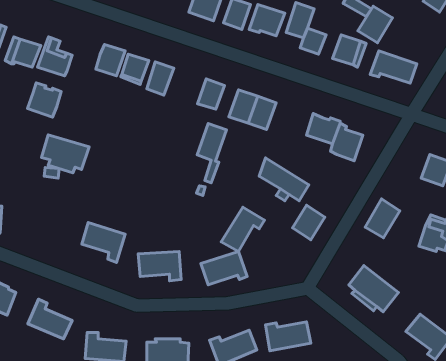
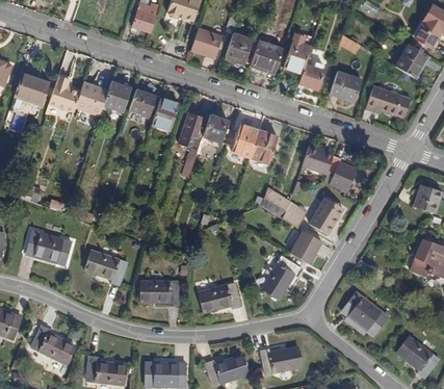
building: [358,6,393,43] -> [397,40,430,75]
building: [28,83,61,117] -> [72,79,104,112]
building: [197,123,226,183] -> [174,110,202,167]
building: [42,135,89,173] -> [29,231,75,267]
building: [365,199,400,238] -> [311,196,344,233]
building: [221,207,264,252] -> [258,257,299,300]

